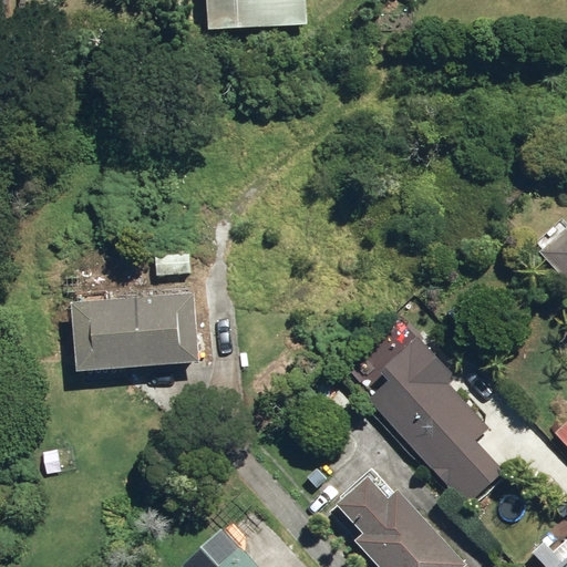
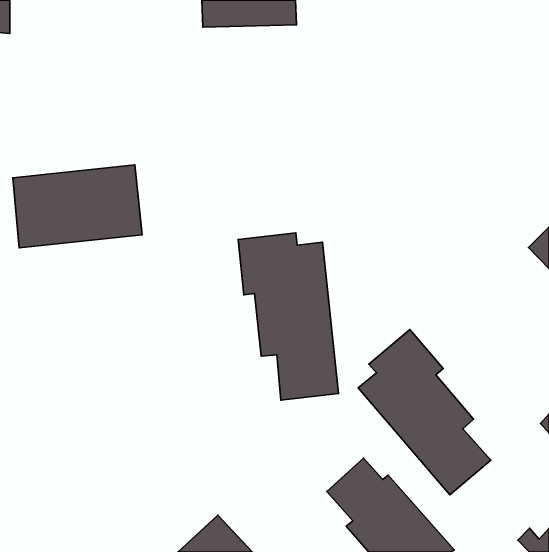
building: none -> [238,233,339,400]
building: [68,288,200,373] -> [13,165,142,248]

